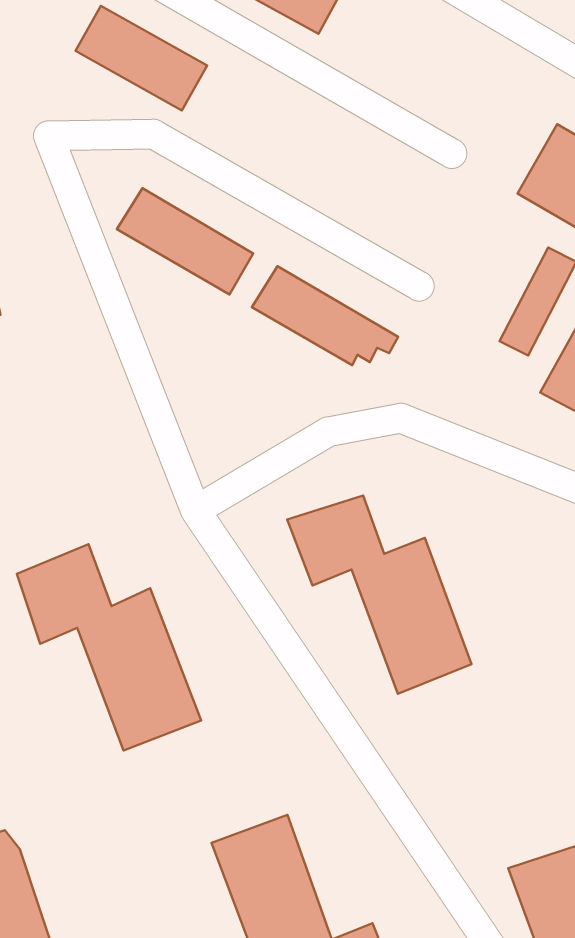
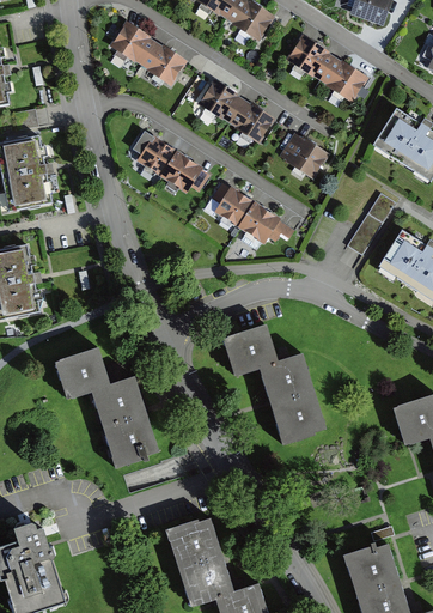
building: none -> [285,34,370,108]
building: none -> [196,78,275,144]
building: none -> [278,133,329,180]

